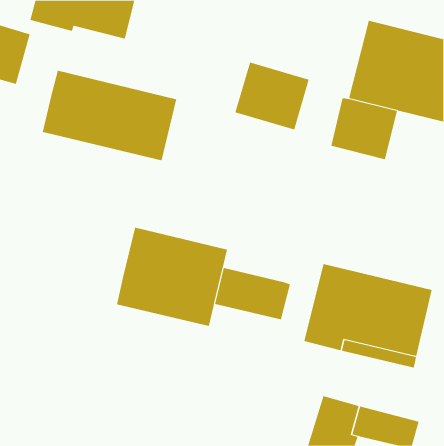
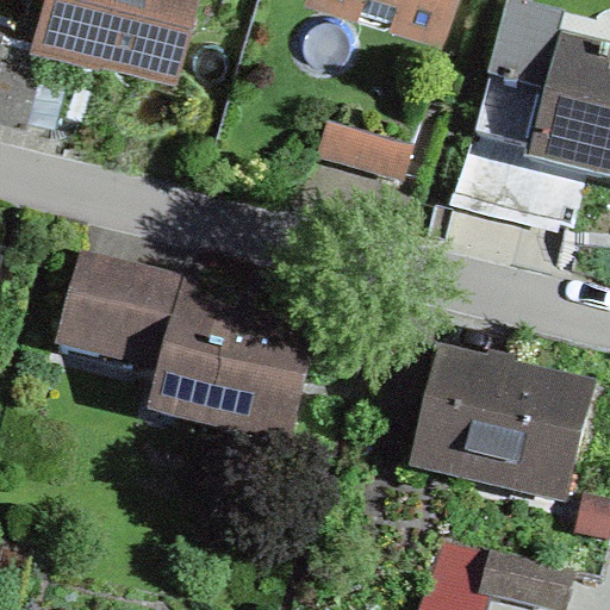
building: [42,70,177,161] -> none
building: none -> [57,269,194,379]
building: [215,267,291,320] -> none

